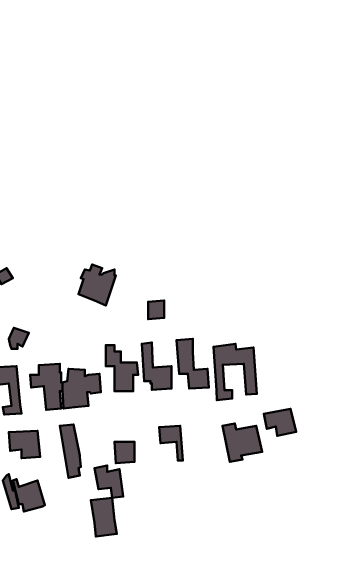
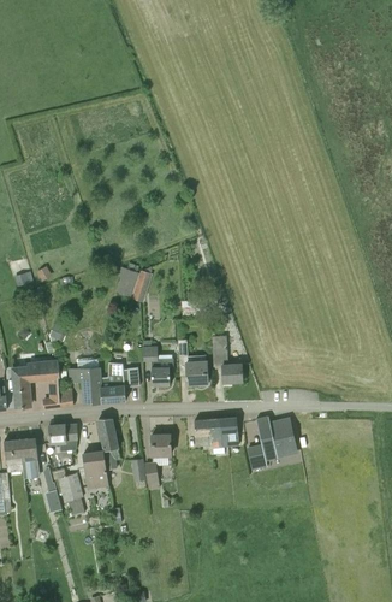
building: [214,344,257,400] -> none
building: [264,409,296,436] -> none
building: none -> [214,417,238,453]
building: [91,498,117,536] -> [82,452,107,489]

